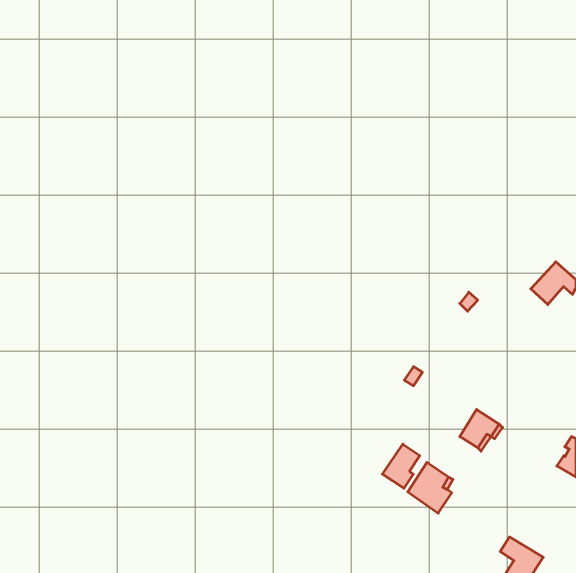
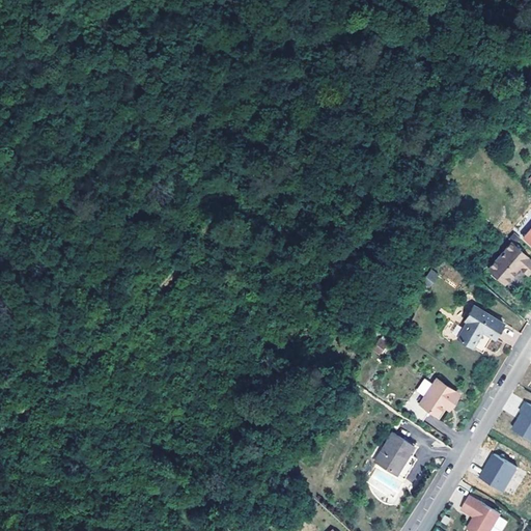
building: none -> [459,306,505,346]
building: [382,444,420,488] -> none
building: none -> [477,456,515,494]

